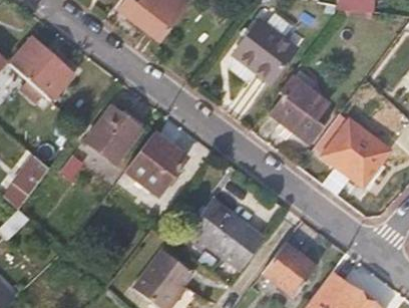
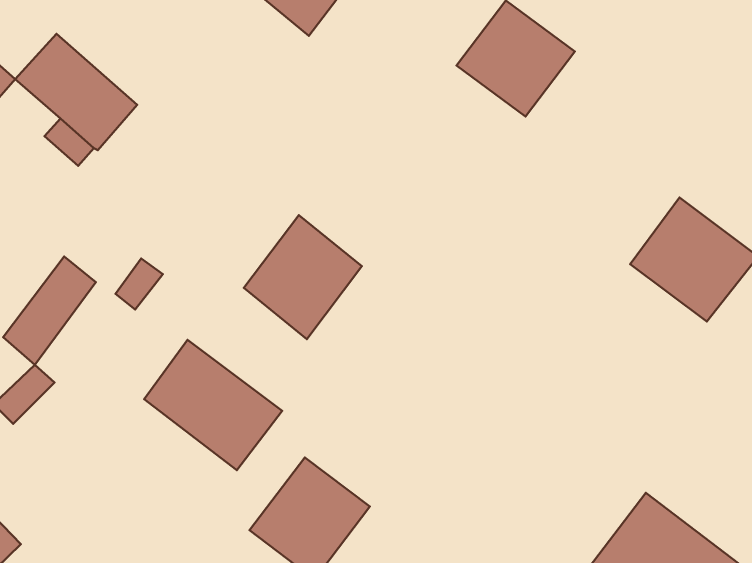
building: [271,76,333,141] -> none
building: [87,106,141,162] -> none
building: [191,200,262,266] -> [144,340,282,470]
building: [263,241,316,294] -> none

